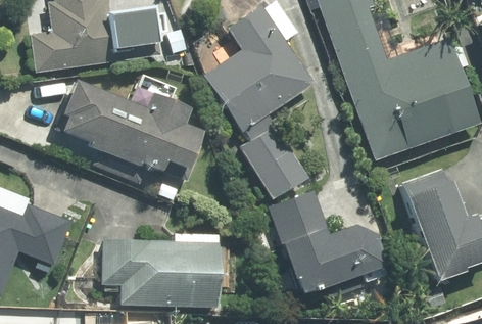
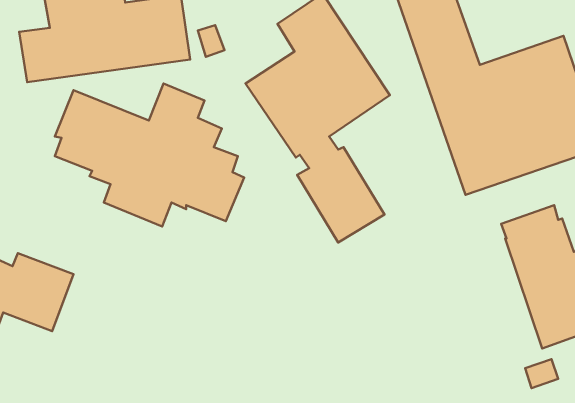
building: [270,191,385,300] -> none
building: [103,238,220,306] -> none

